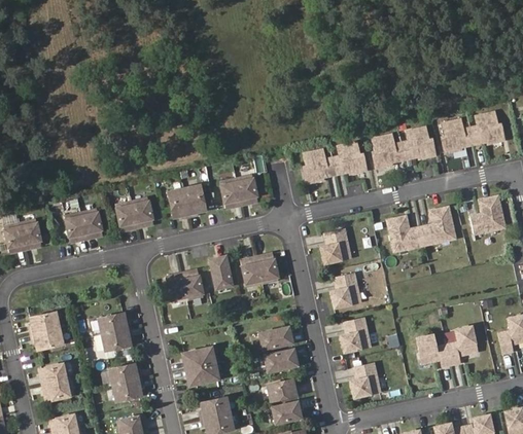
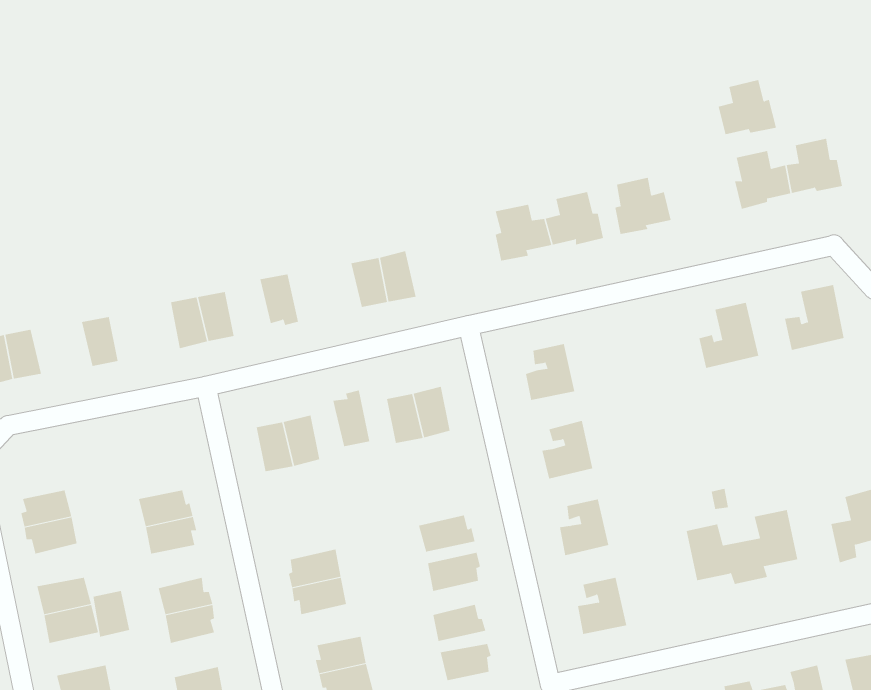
building: [402,126,435,158] -> [718,80,777,135]
building: [184,186,206,217] -> none
building: [81,210,103,240] -> none
building: [388,216,425,251] -> none
building: none -> [93,590,130,637]

